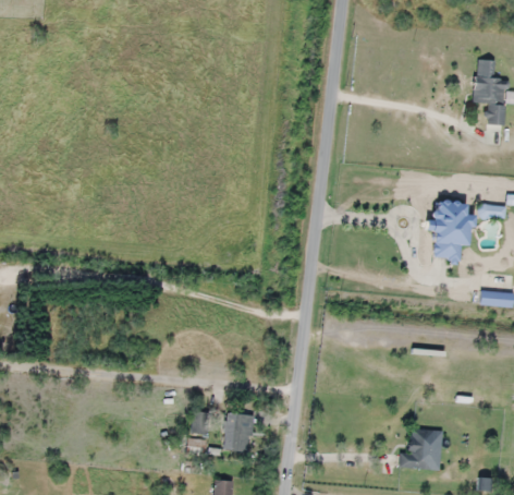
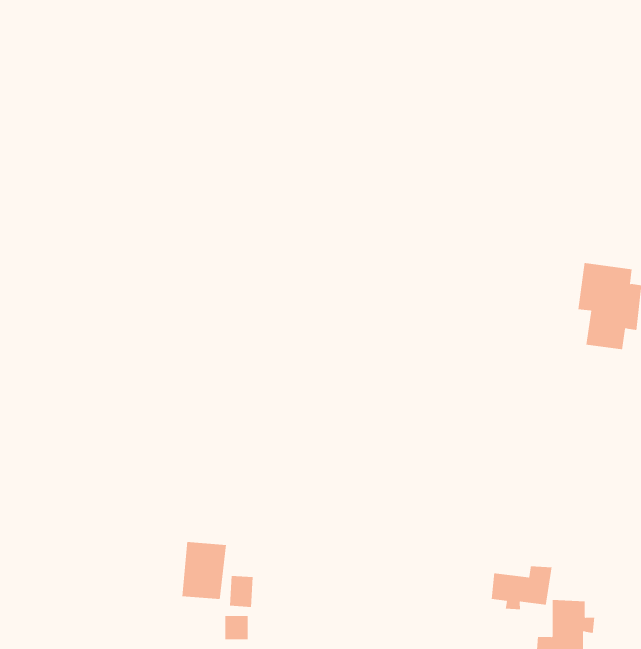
building: none -> [491,565,552,610]
building: [223,413,254,452] -> [182,542,227,600]

